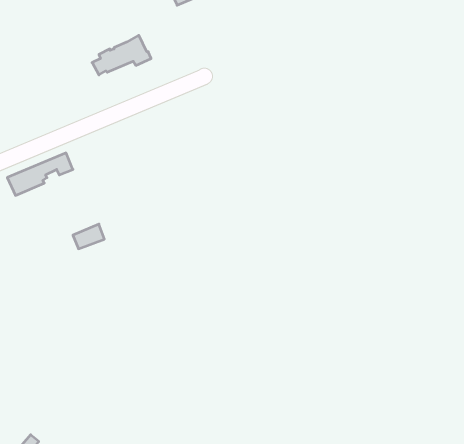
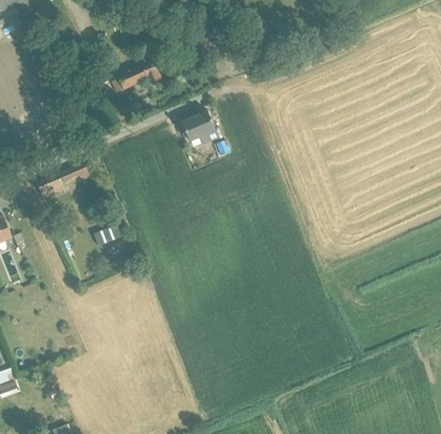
building: none -> [181,110,218,143]

